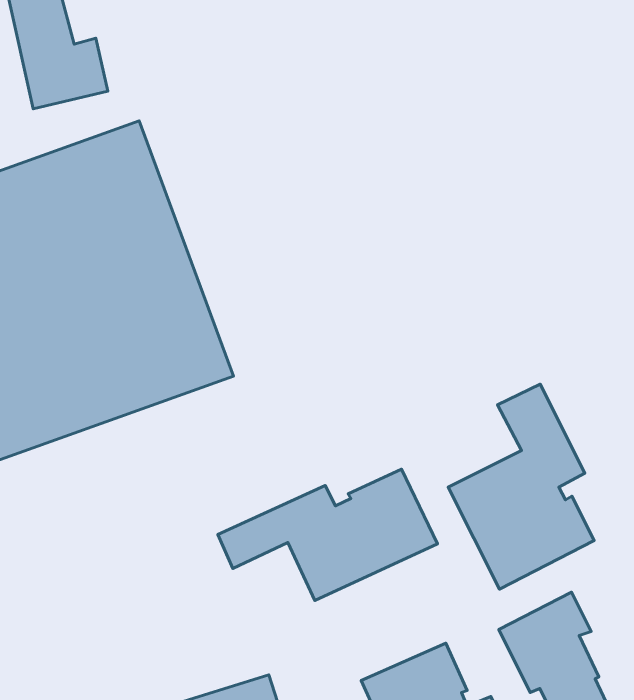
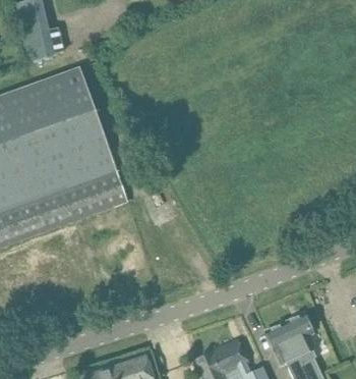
building: [448,384,594,589] -> none
building: [218,469,437,600] -> none

